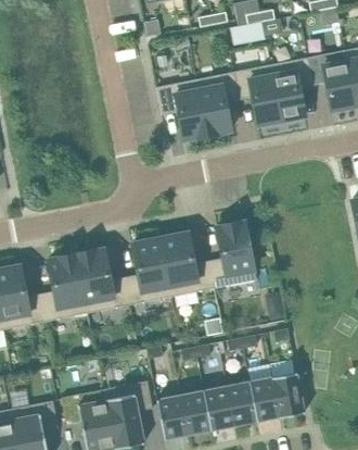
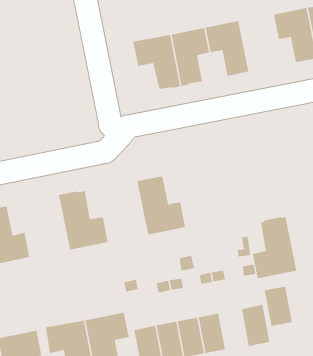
building: [270,58,312,120] -> none
building: [207,221,256,288] -> [252,217,297,279]
building: [124,238,171,304] -> none
building: [39,253,87,321] -> none
building: [248,377,280,421] -> [264,286,293,326]

